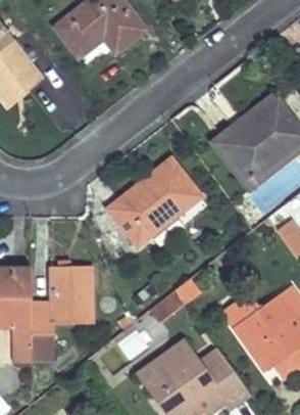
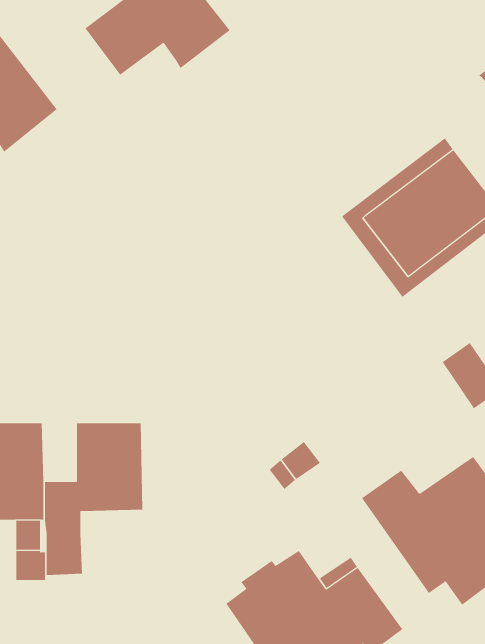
building: [107,158,200,246] -> none

